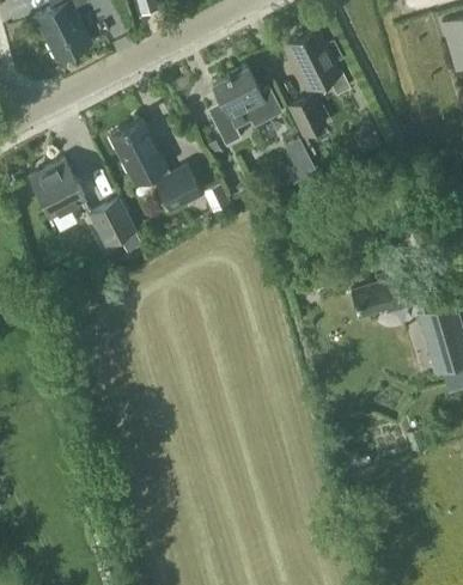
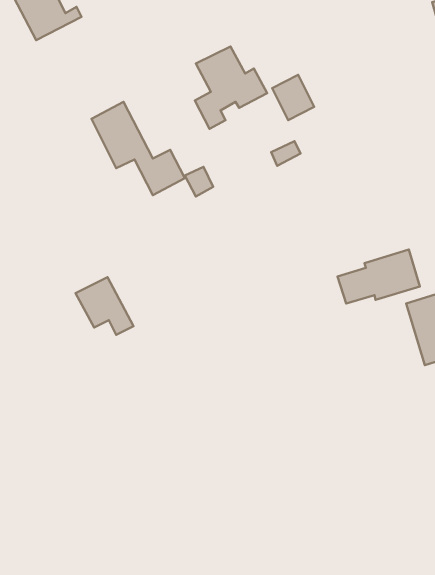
building: [286,30,349,96] -> none
building: [30,162,84,217] -> none
building: [86,199,142,255] -> [76,277,133,335]

